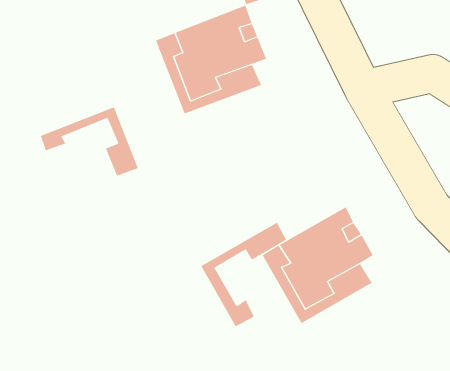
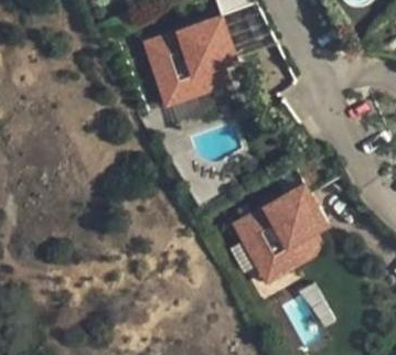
building: [40,107,139,177] -> none
building: [200,222,287,327] -> none

